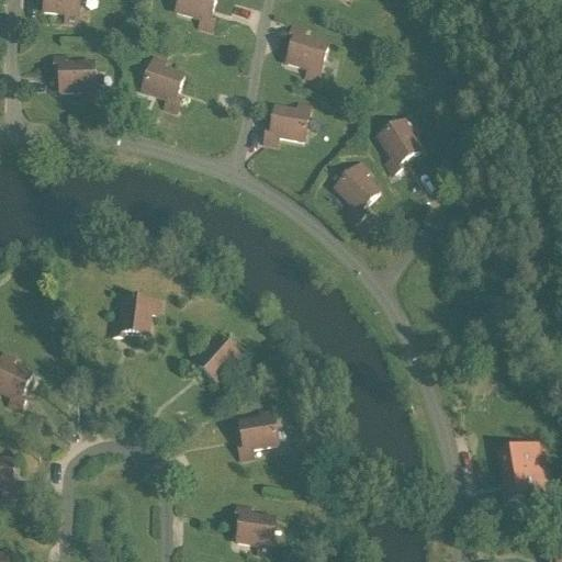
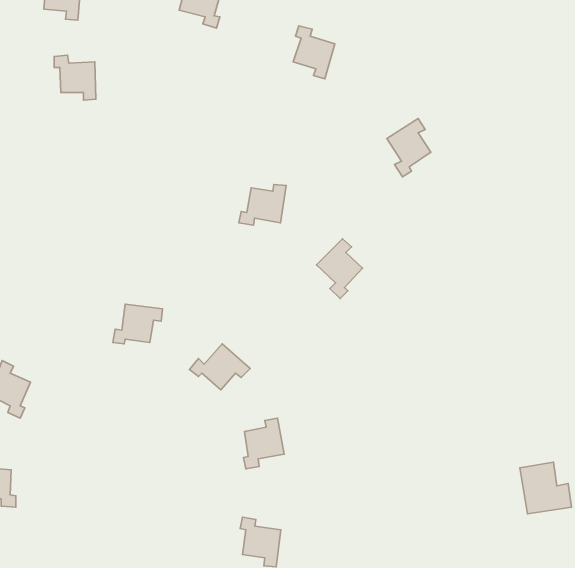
building: [142,55,182,109] -> none
building: [262,102,308,142] -> [239,184,286,225]
building: [334,161,379,220] -> [316,239,363,299]

